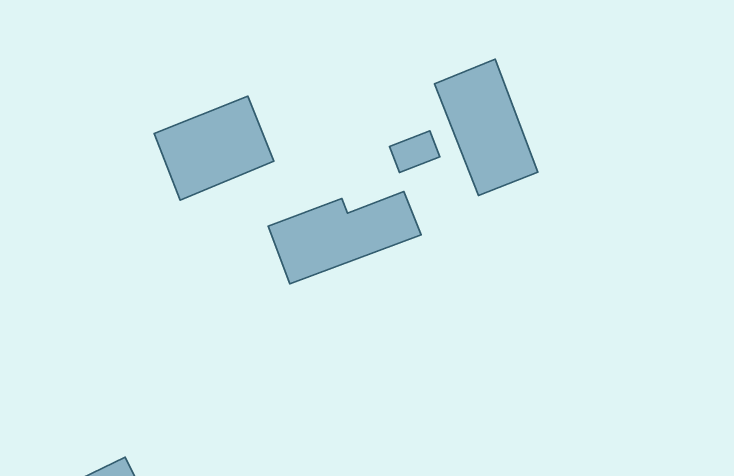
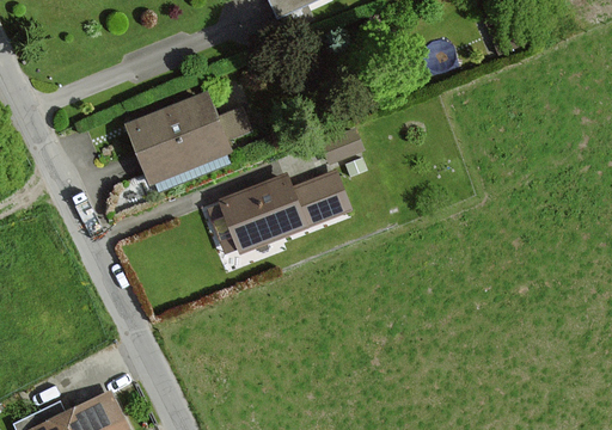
building: [435,59,538,195] -> none

